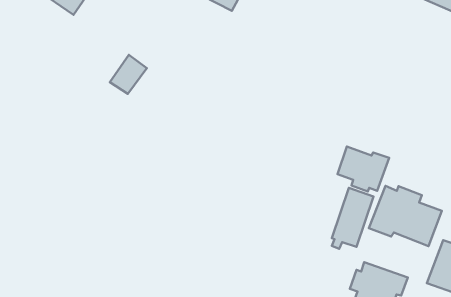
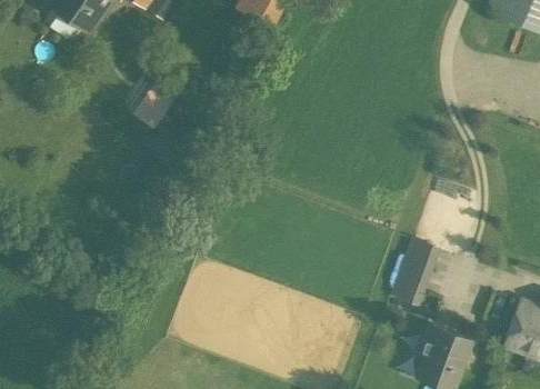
building: [337,147,389,191] -> none
building: [369,186,442,246] -> none

